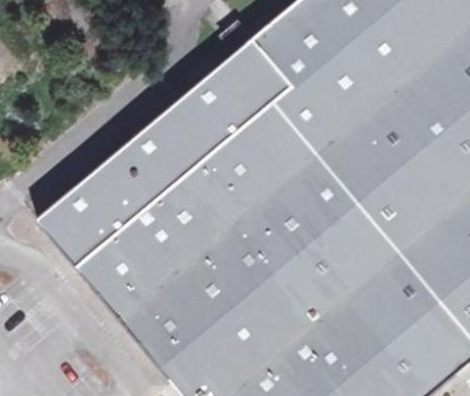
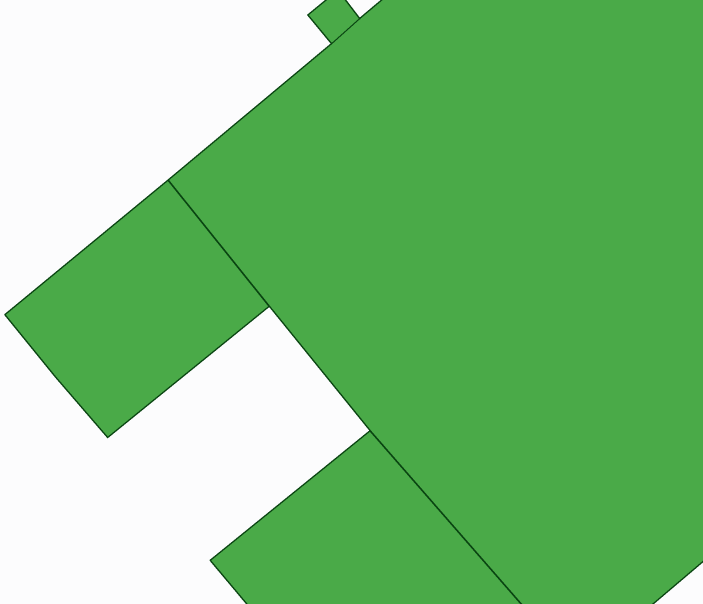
building: [101,212,261,366] -> none

